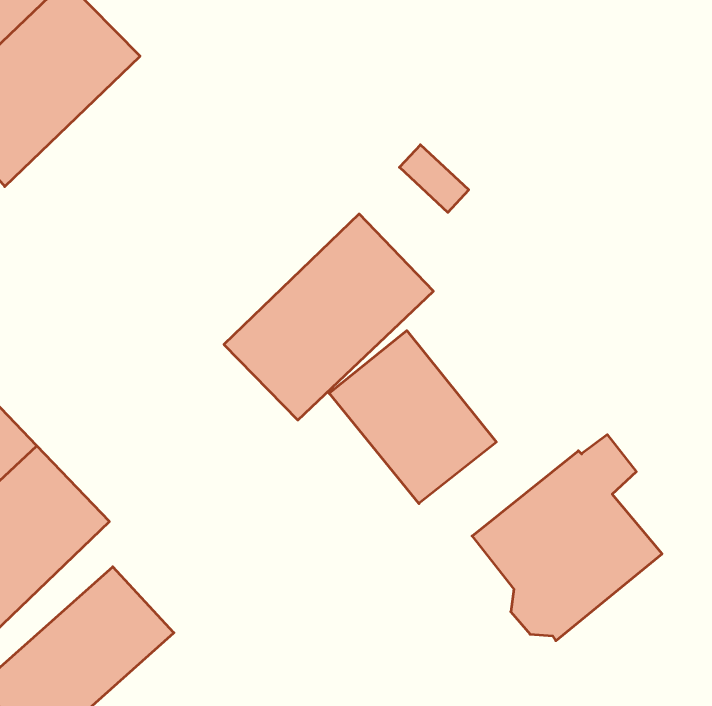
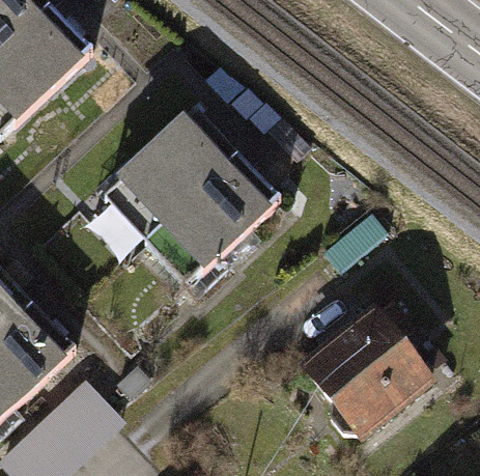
building: none -> [103,110,233,239]
building: [329,331,496,504] -> none

